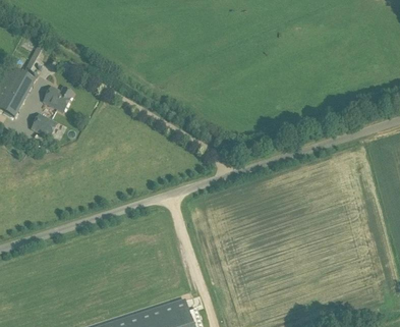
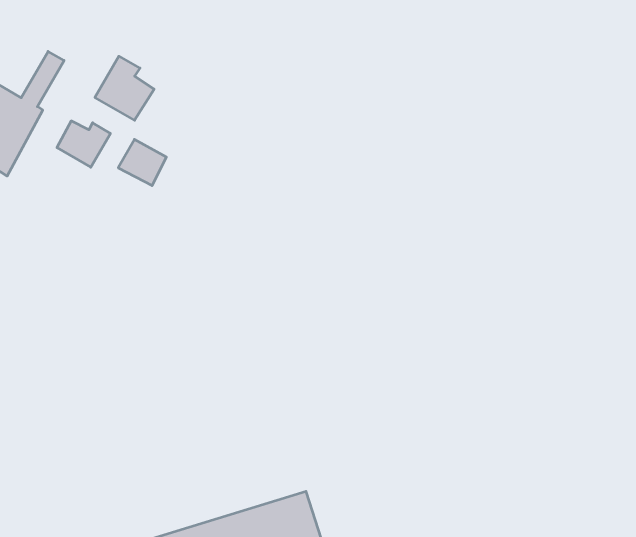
building: none -> [95,56,154,120]
building: [30,112,57,139] -> [118,139,166,186]

